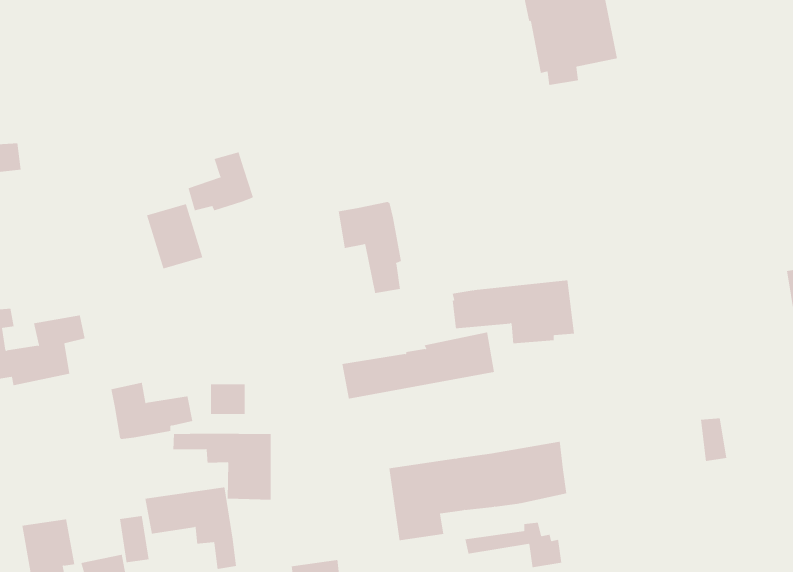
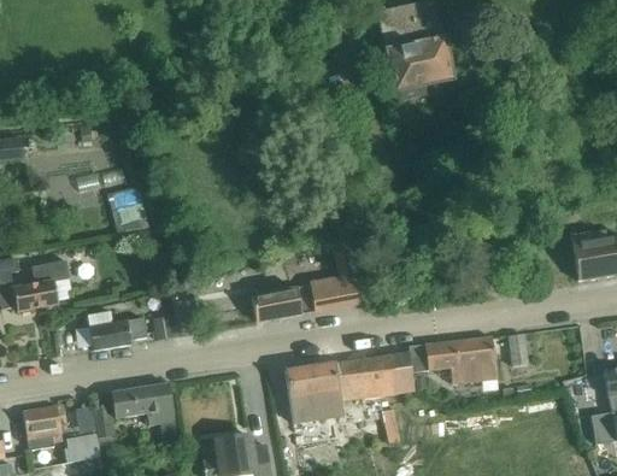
building: [188,152,253,211] -> none
building: [338,201,402,294] -> none
building: [452,280,575,344] -> [409,336,496,382]
building: [173,433,271,501] -> none

